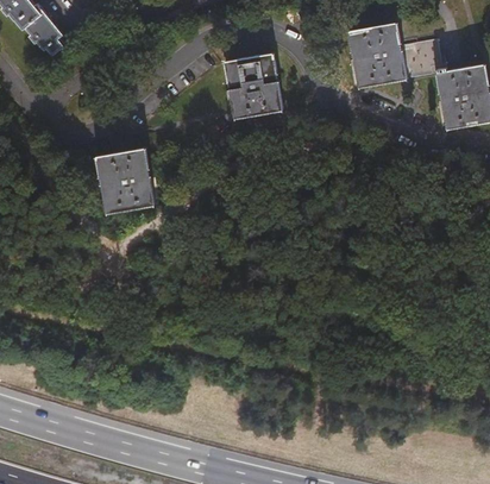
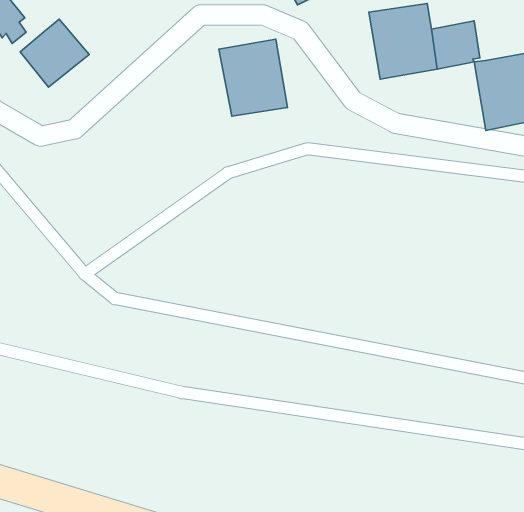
building: none -> [20,19,89,87]
building: [96,149,153,213] -> none

